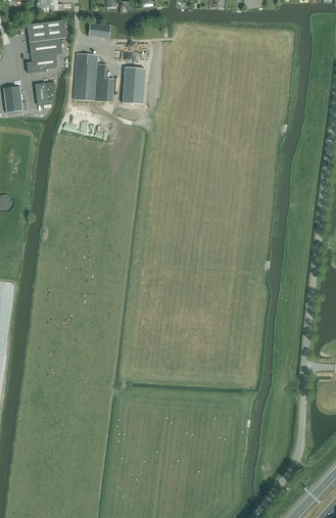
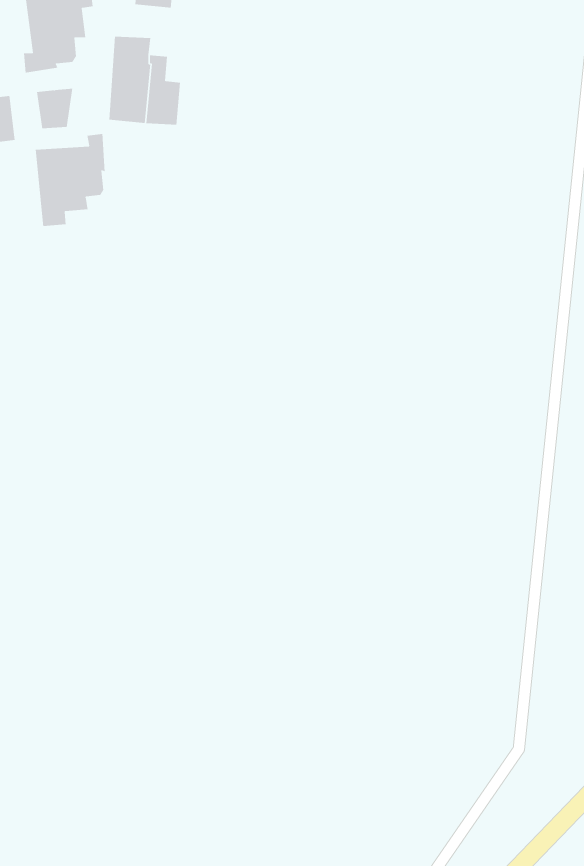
building: [122,65,144,103] -> none
building: none -> [35,133,105,227]

